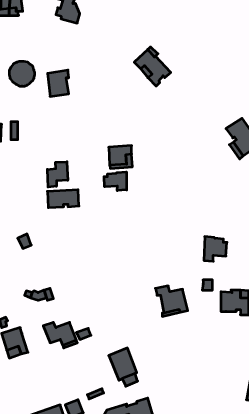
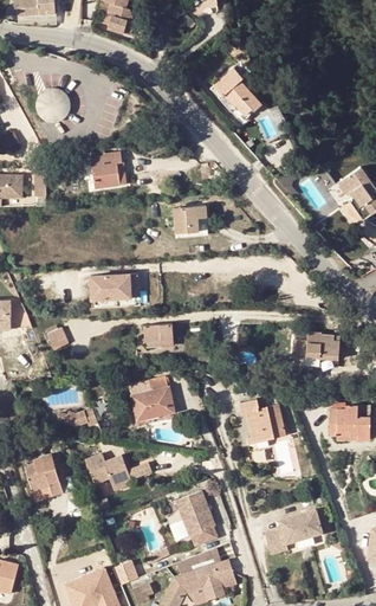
building: [48,70,69,96] -> [91,153,121,189]
building: [47,162,68,187] -> none
building: [104,172,127,191] -> none
building: none -> [144,325,173,348]
building: none -> [129,378,174,421]
building: none -> [266,508,324,553]

